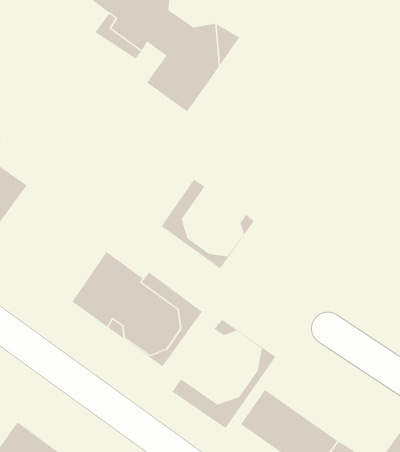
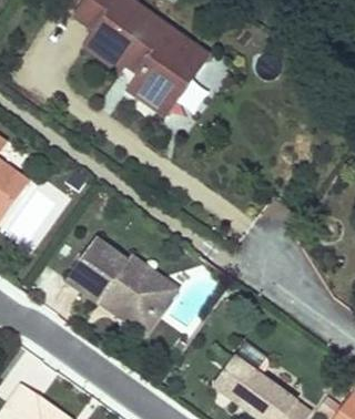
building: [161,179,255,269] -> none
building: [172,319,276,429] -> none

